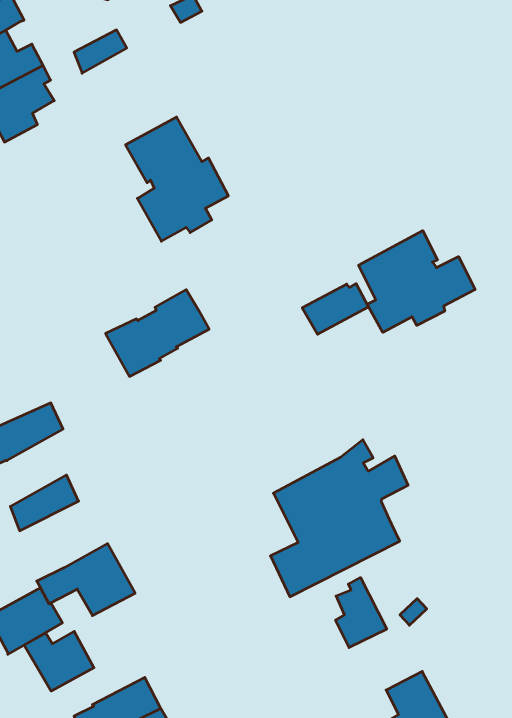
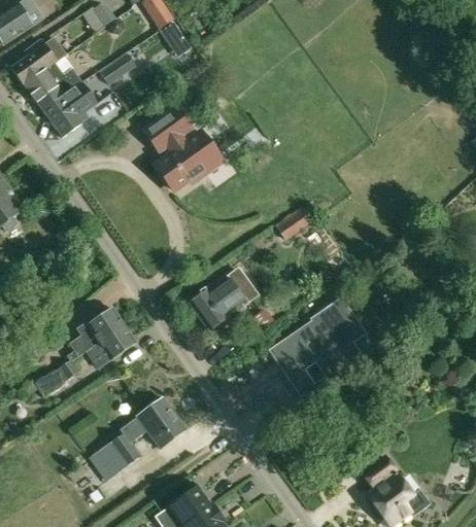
building: [359,231,475,332] -> none
building: [106,290,209,376] -> [189,266,258,328]
building: [10,475,79,531] -> [90,324,135,365]
building: [336,578,387,648] -> none
building: [24,631,94,691] -> none

